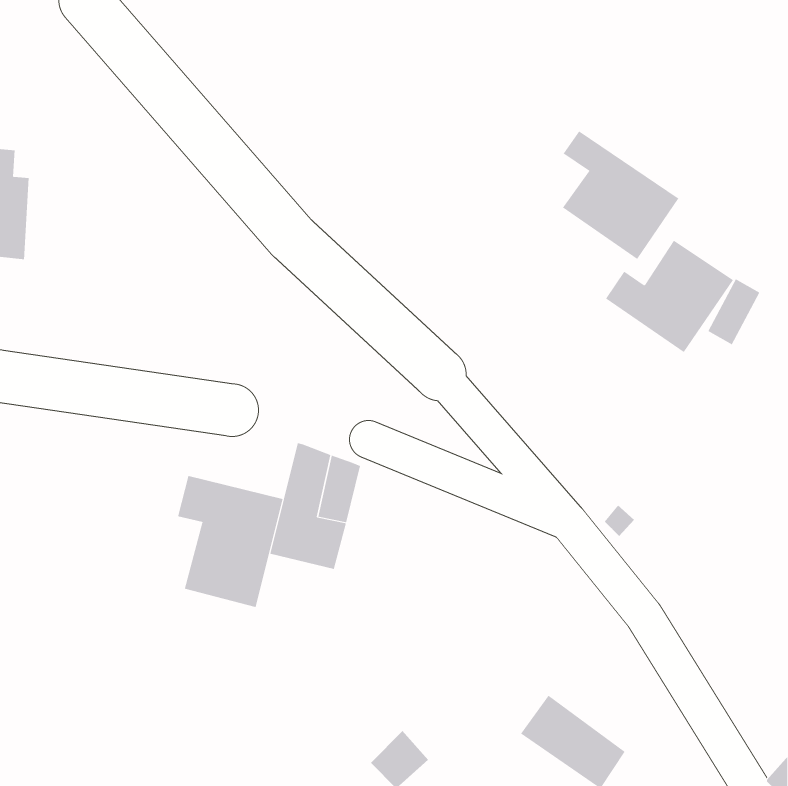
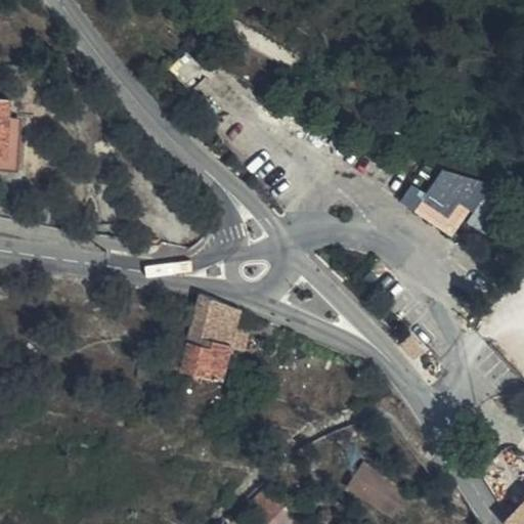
building: [562,131,679,260] -> none
building: [178,475,283,608] -> none

